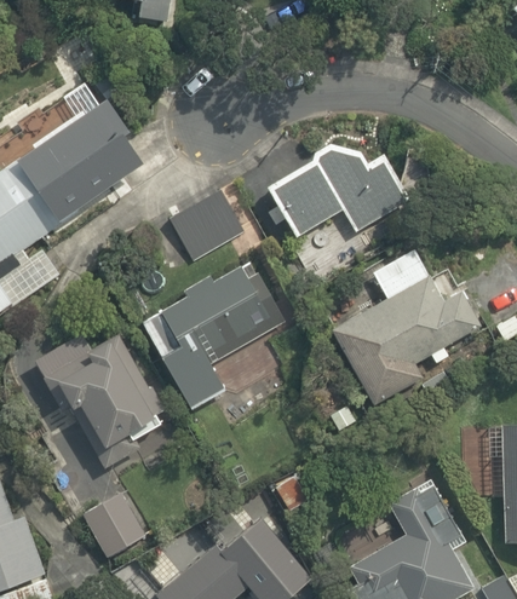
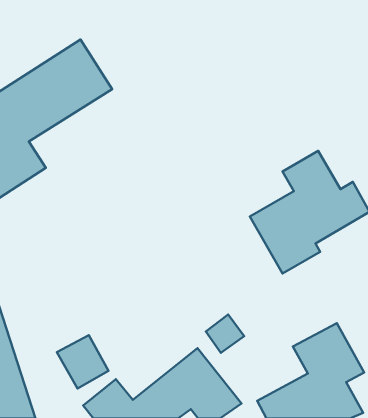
building: [272,154,407,238] -> none
building: [167,192,243,260] -> none
building: [143,265,272,408] -> none
building: [34,313,177,471] -> none

